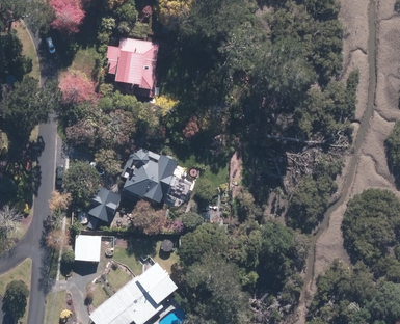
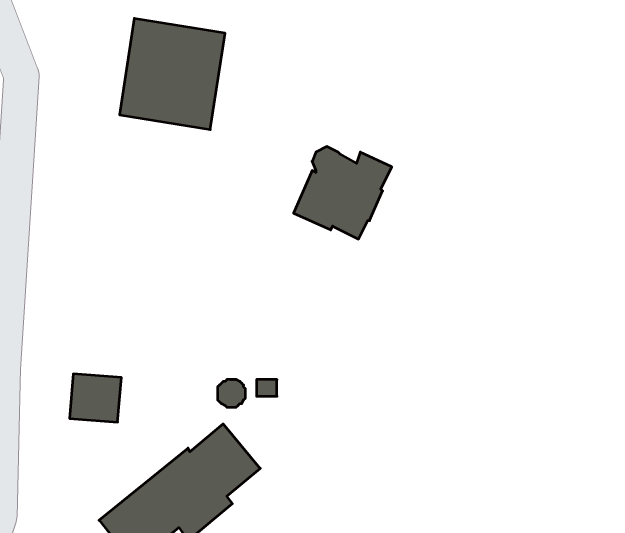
building: [125,151,180,203] -> [294,147,392,239]
building: [86,184,122,222] -> none

